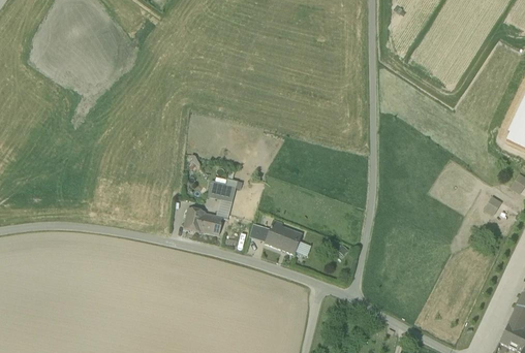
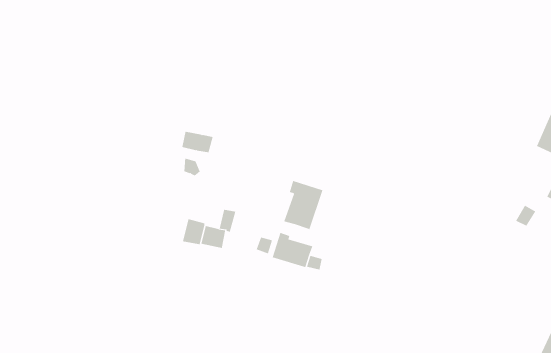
building: none -> [283,180,323,230]
building: [208,182,237,201] -> [181,131,214,153]

